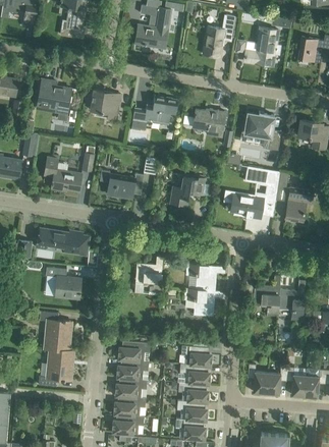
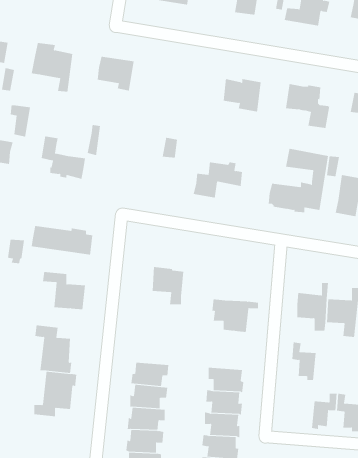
building: [131,96,178,129] -> none
building: [100,170,144,199] -> none
building: [186,264,216,291] -> none
building: [248,364,268,395] -> [291,342,316,380]

